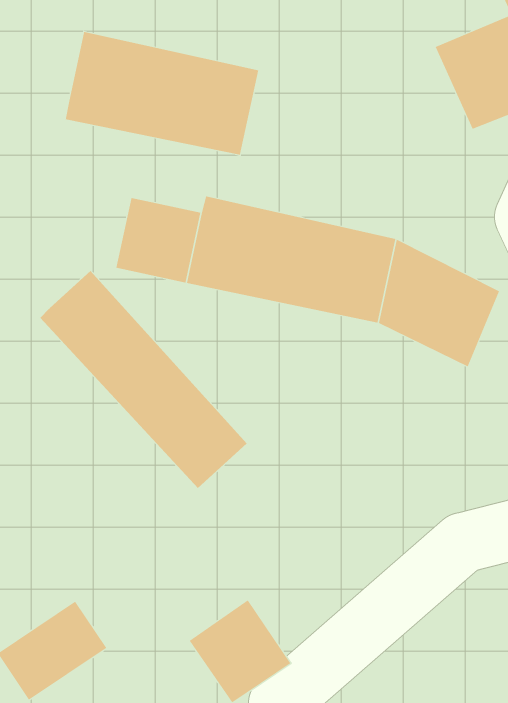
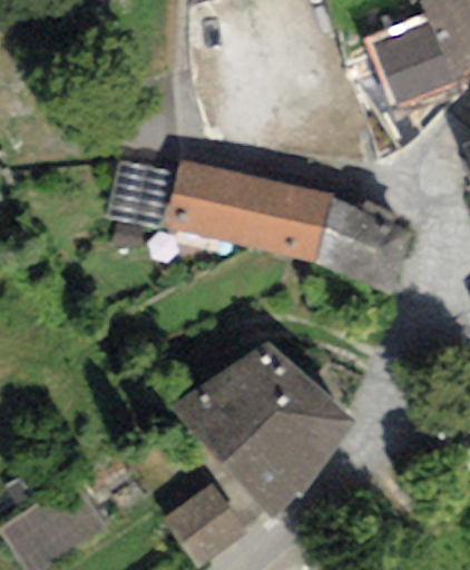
building: [65,31,259,155] -> none
building: [40,270,248,489] -> none
building: none -> [173,341,354,518]

